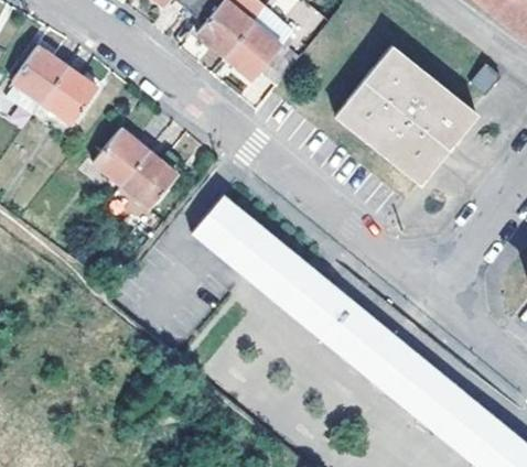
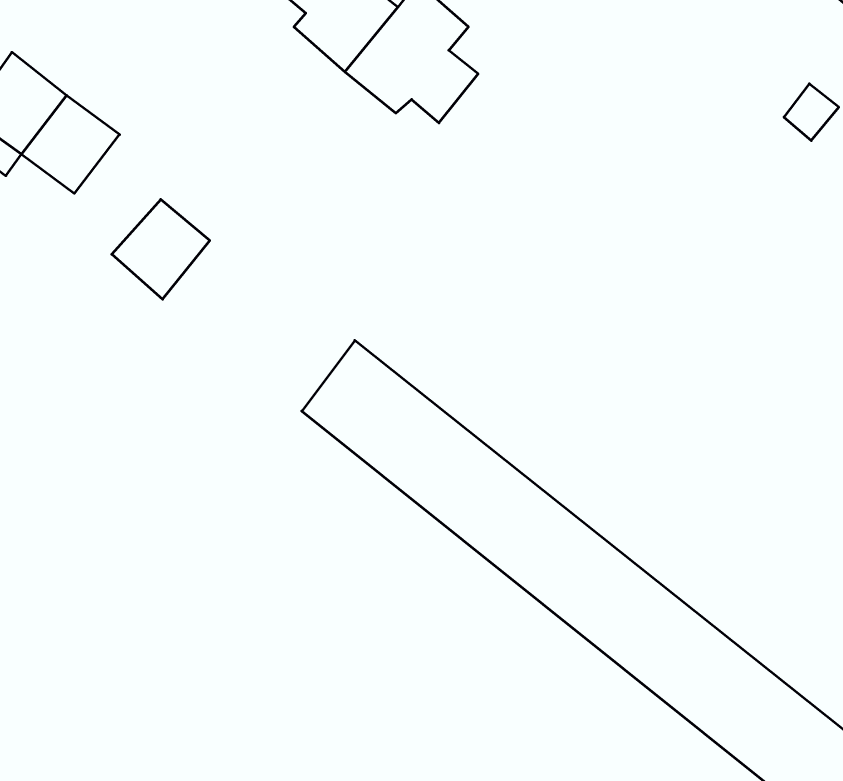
building: [336,43,478,182] -> none
building: [122,151,179,207] -> none

